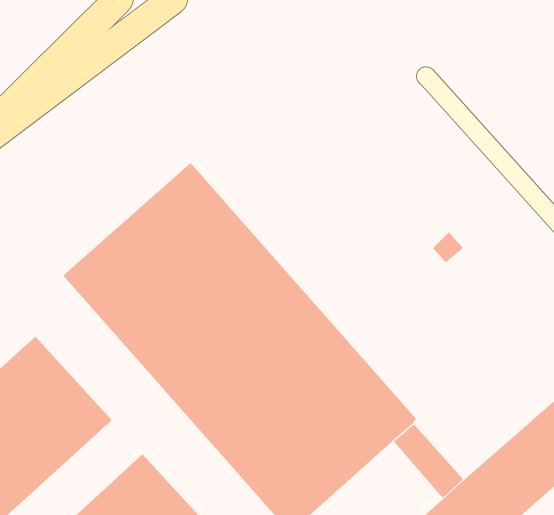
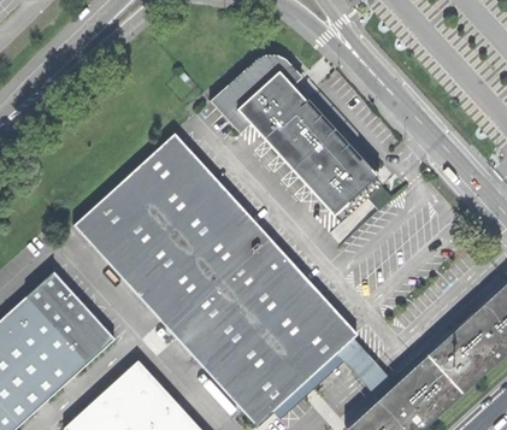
building: none -> [212,53,375,214]

